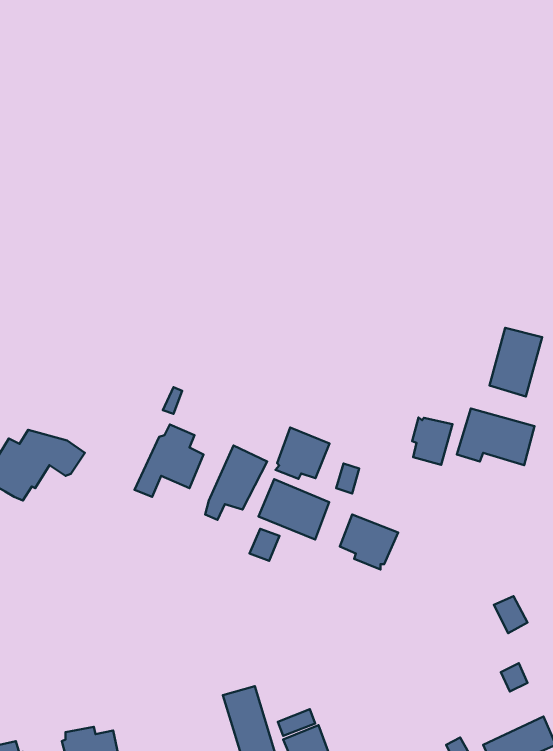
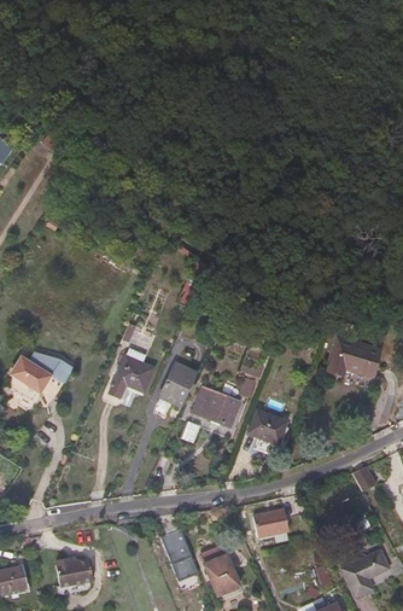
building: [490,328,542,397] -> none
building: [412,417,453,465] -> none
building: [276,427,329,479] -> none
building: none -> [256,507,291,537]

